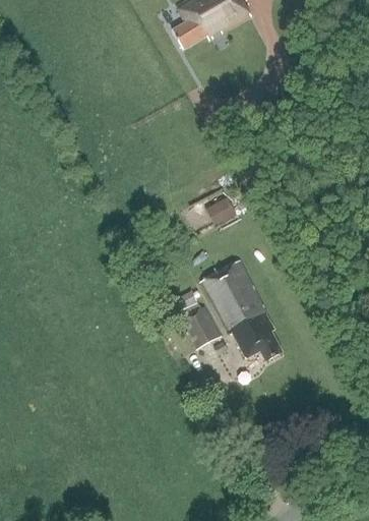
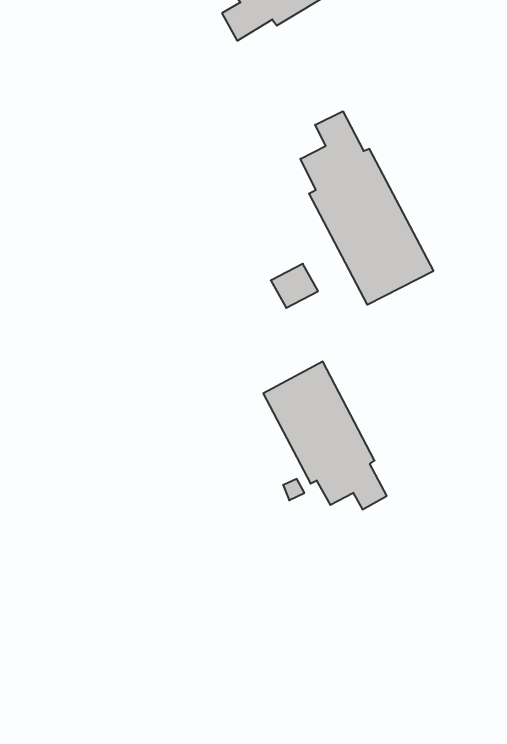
building: none -> [300,111,433,305]
building: [179,303,221,348] -> none

